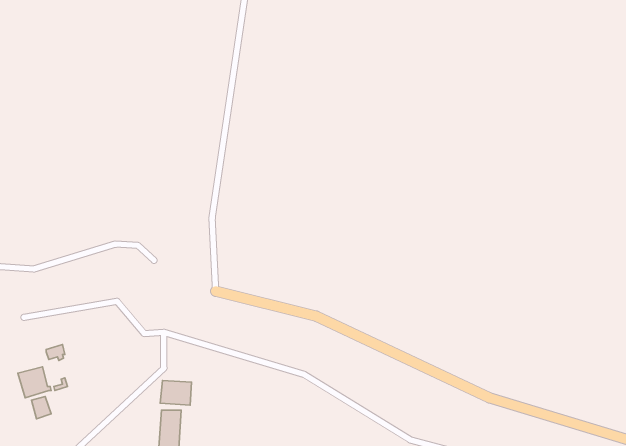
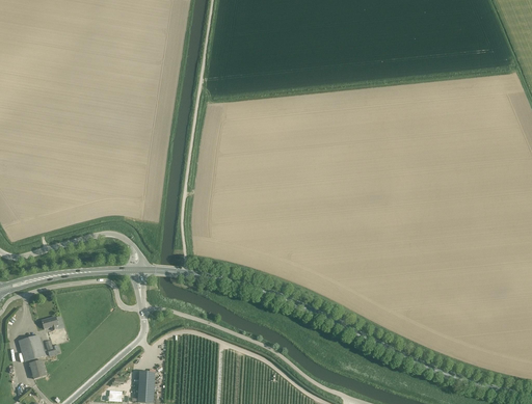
building: [160,381,192,405] -> none

